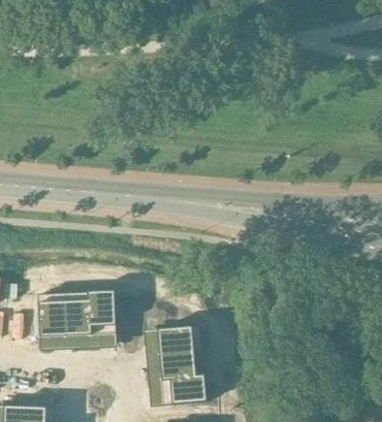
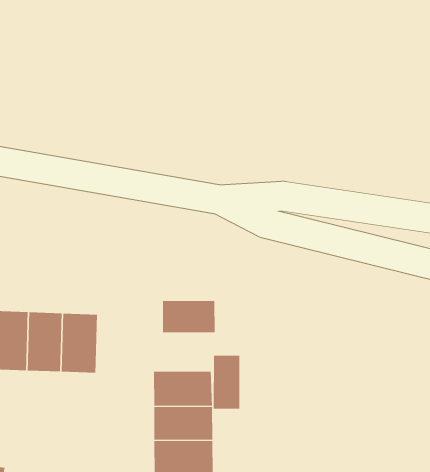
building: none -> [162,300,215,333]
building: none -> [213,355,240,410]

